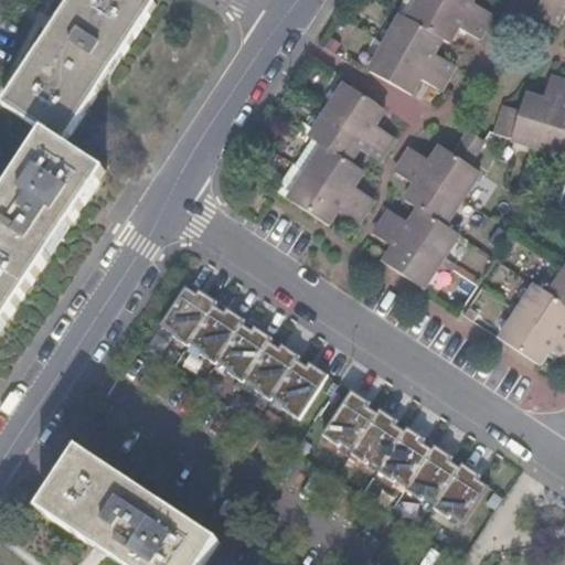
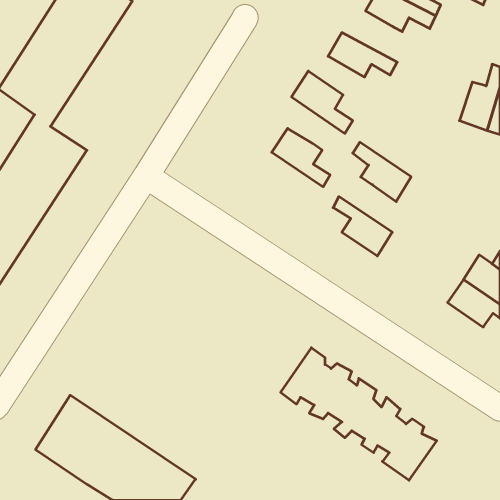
building: [382,7,450,70] -> none
building: [308,108,385,160] -> none
building: [402,143,477,198] -> none
building: [286,170,361,222] -> none
building: [379,206,456,259] -> none
building: [161,291,323,423] -> none

